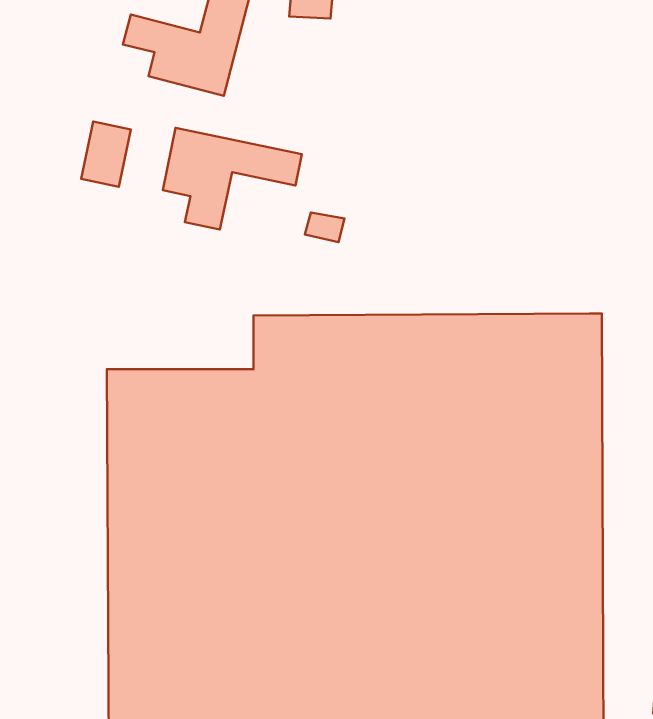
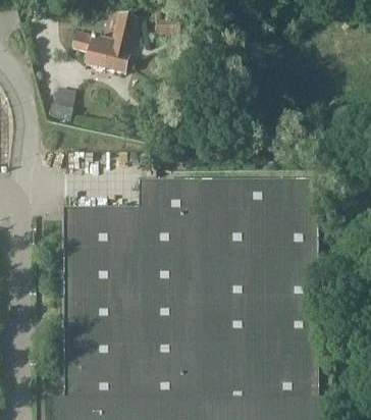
building: [163,128,302,229] -> none

